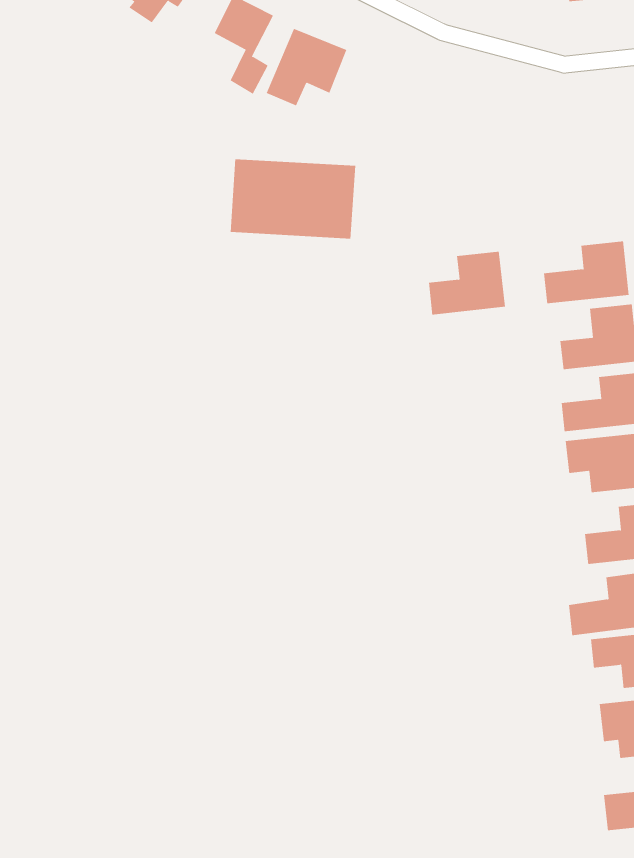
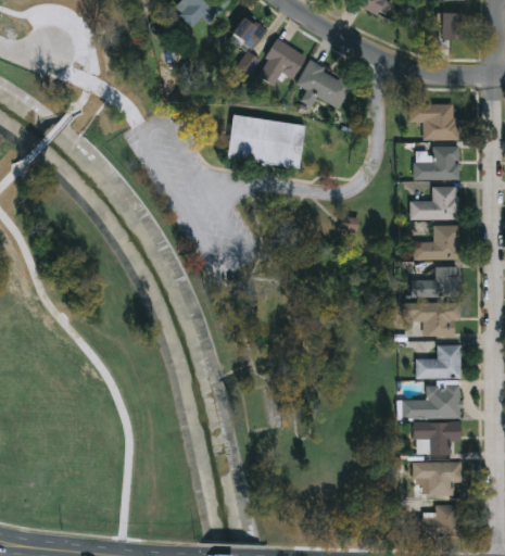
building: none -> [295,62,351,109]
building: none -> [409,104,458,140]
building: [428,251,506,315] -> [414,147,458,180]

